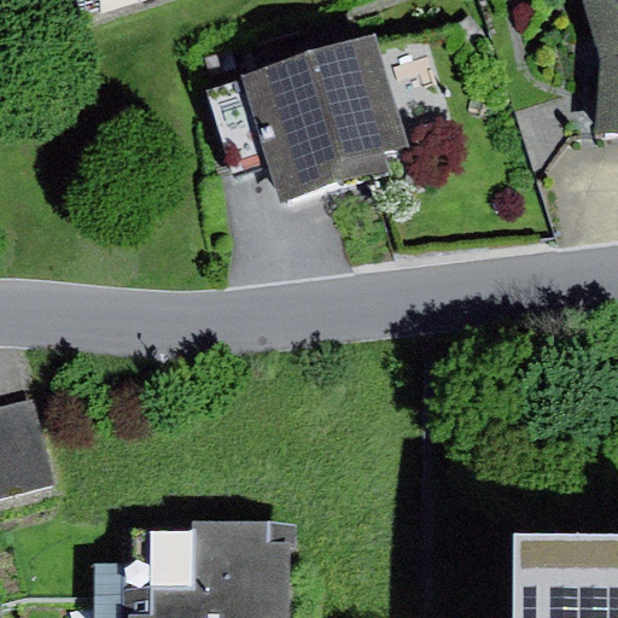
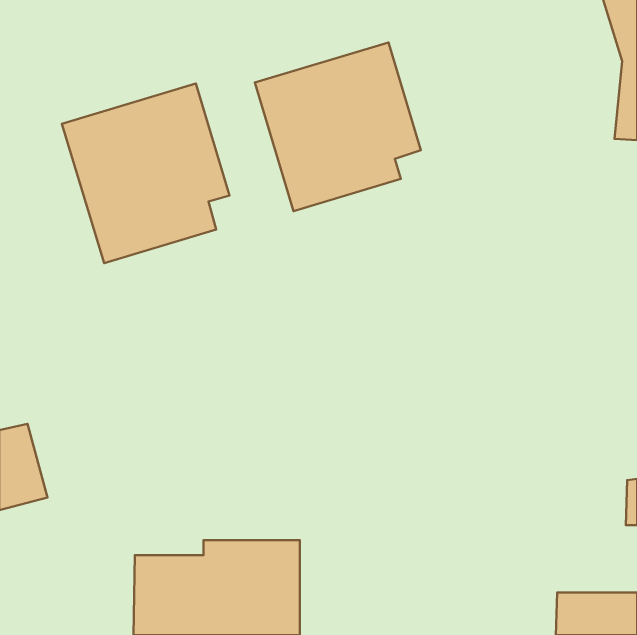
building: none -> [62,83,230,263]

